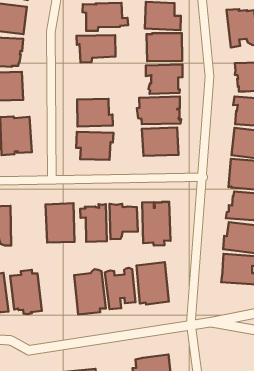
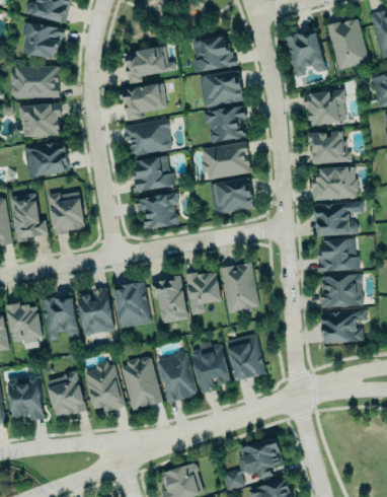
building: none -> [124,119,172,155]
building: none -> [78,288,114,336]
building: none -> [121,358,164,411]

